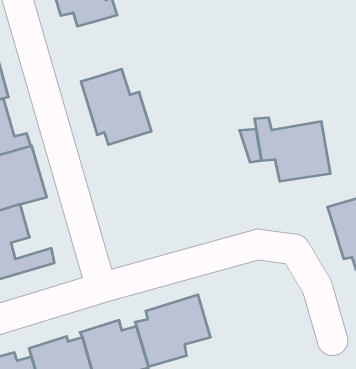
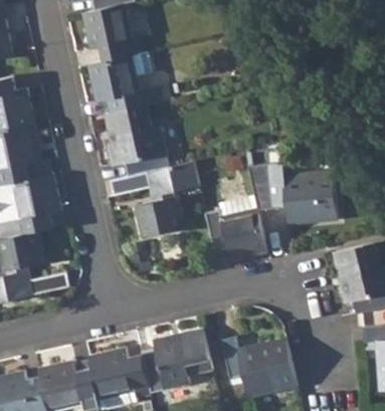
building: none -> [86,53,167,115]
building: none -> [110,162,198,237]
building: none -> [204,208,267,261]
building: none -> [220,336,296,397]

